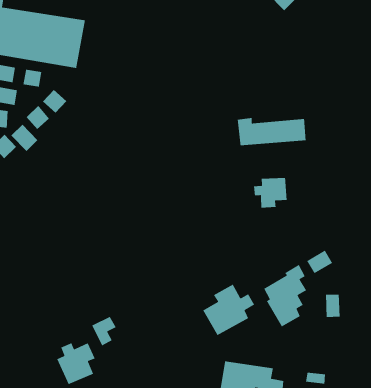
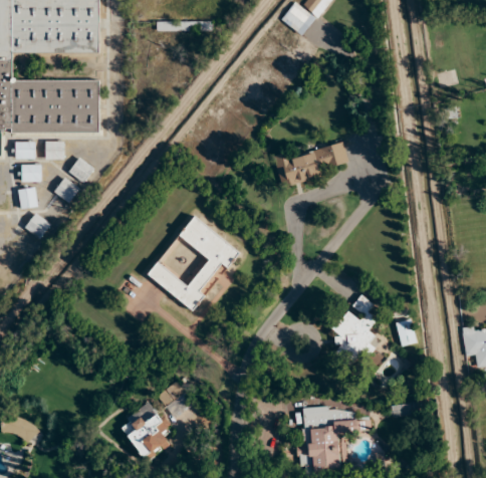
building: [11,124,38,152] -> none
building: none -> [148,215,238,309]
building: [253,177,288,208] -> none
building: [306,250,333,274] -> none
building: [202,283,255,336] -> none

